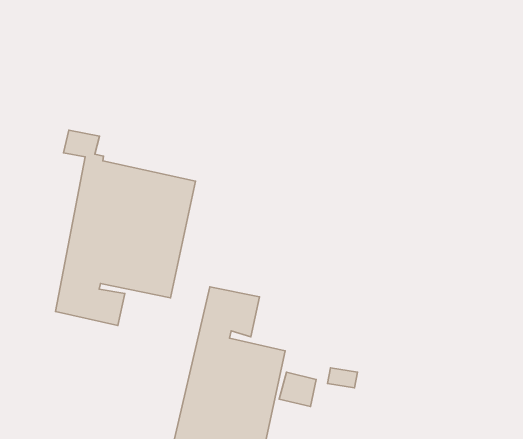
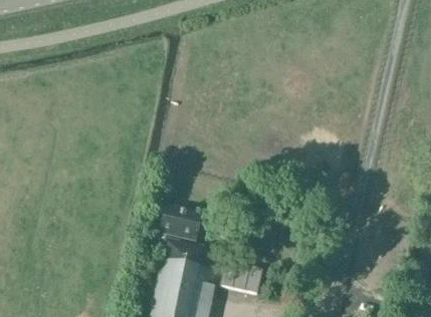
building: [56,130,196,325] -> none

